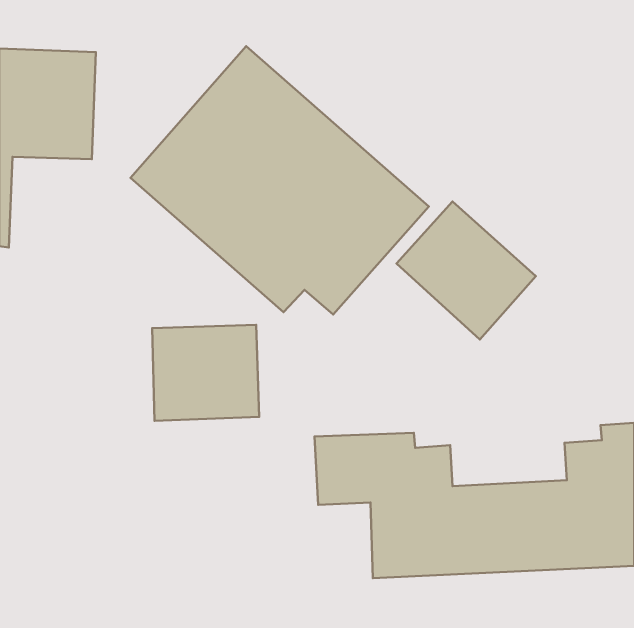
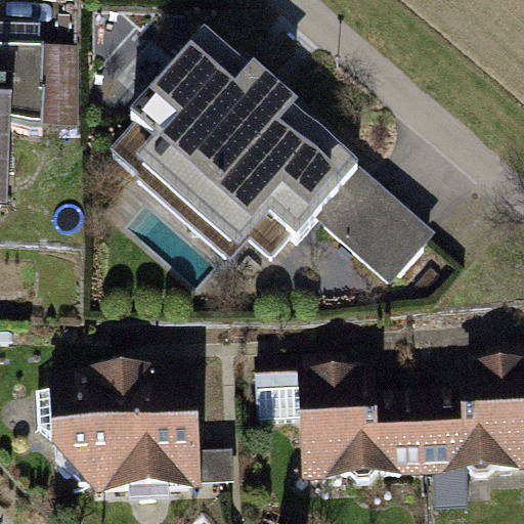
building: [152,325,259,421] -> none
building: none -> [55,376,194,489]

